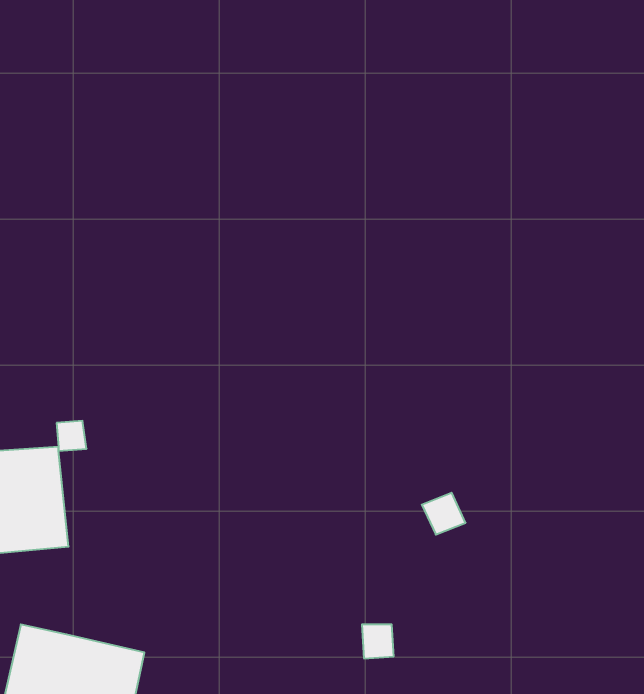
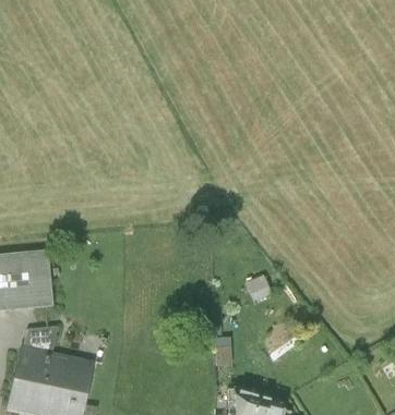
building: none -> [25,327,57,354]

